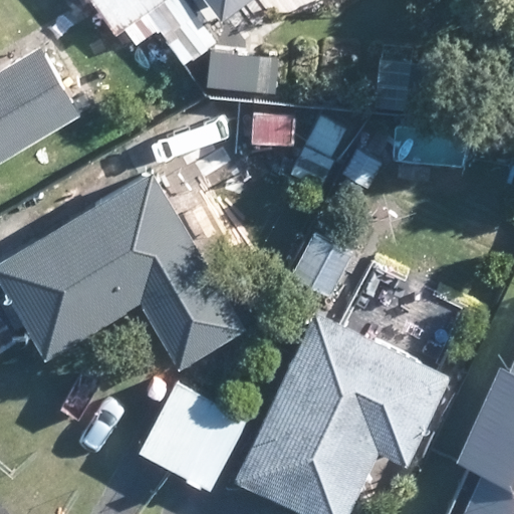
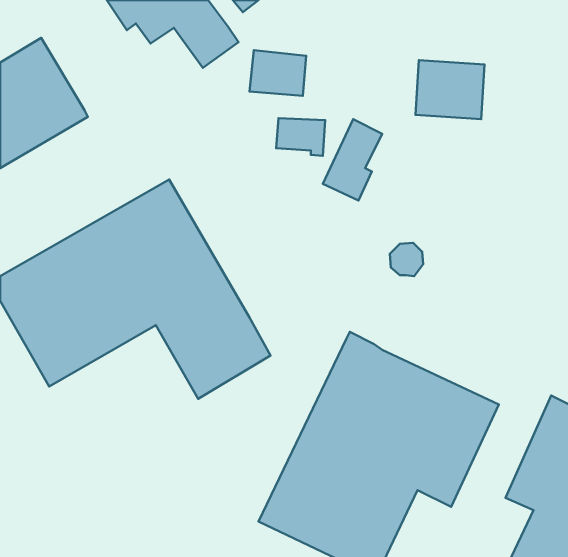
building: [140,386,248,494] -> none

